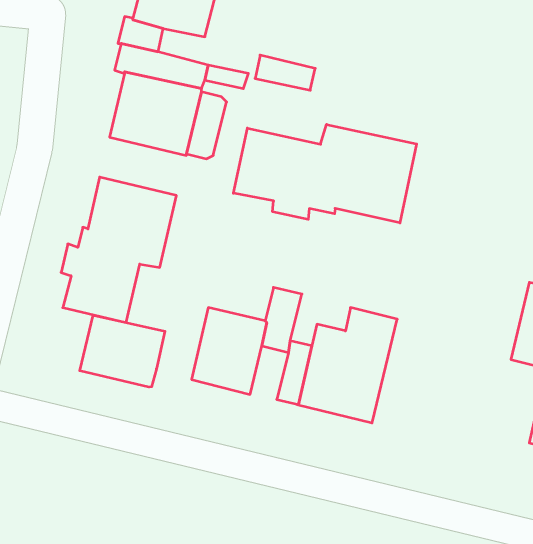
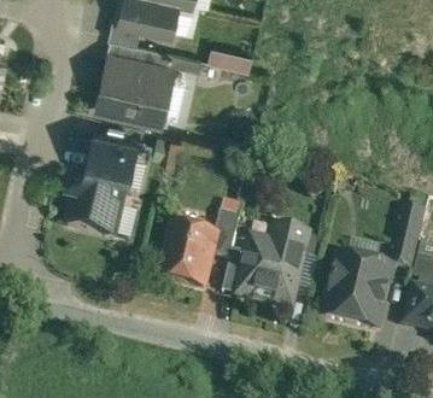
building: [233,124,417,223] -> none
building: [80,315,165,387] -> none
building: none -> [323,257,391,330]

